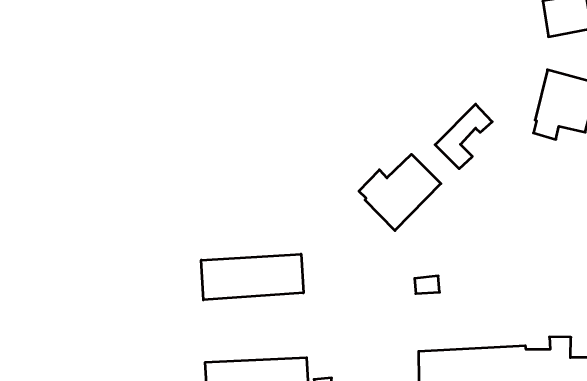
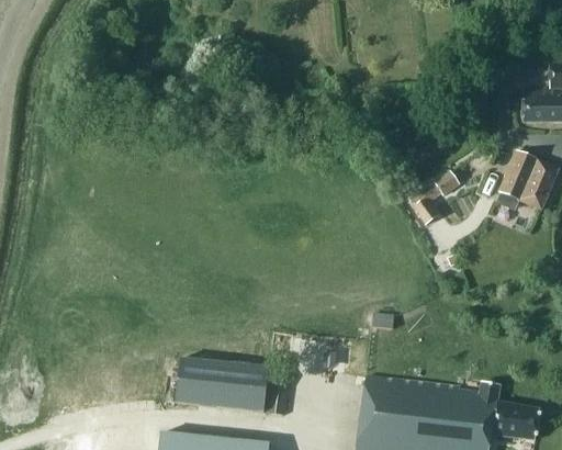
building: [359,154,441,231] -> none
building: [201,254,303,300] -> none

